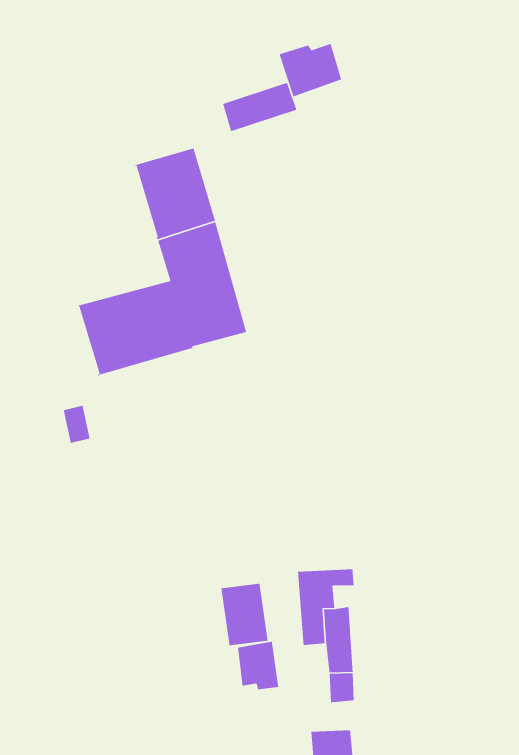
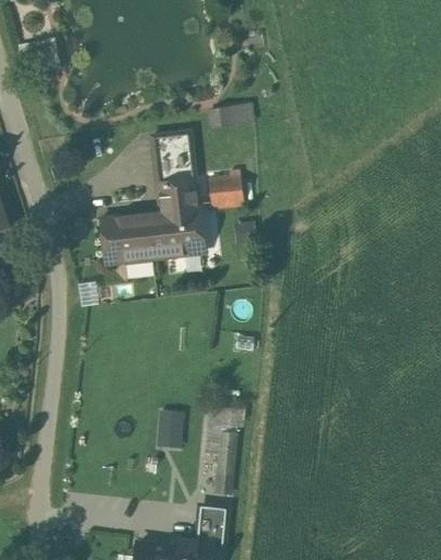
building: [279,43,342,97] -> none
building: none -> [209,176,244,208]
building: [237,641,279,690] -> none

